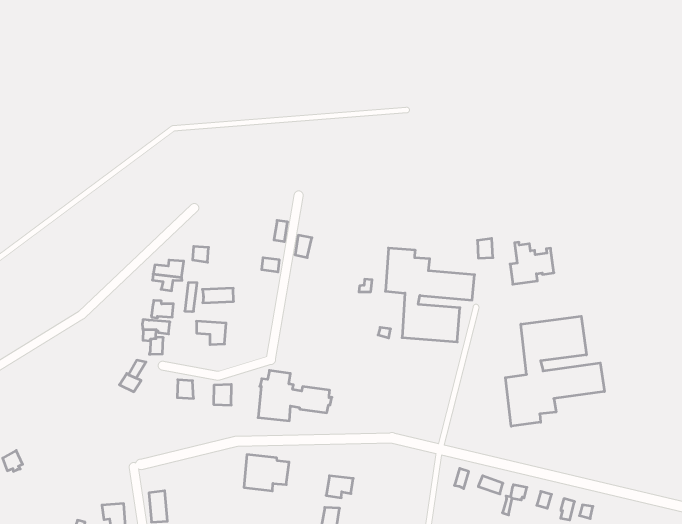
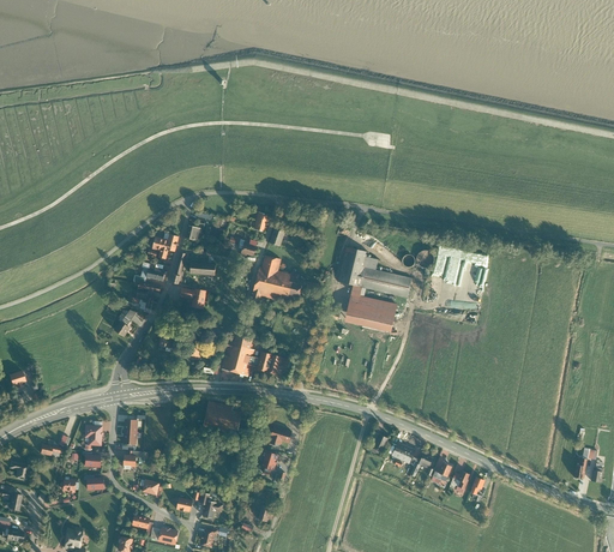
building: none -> [252,256,305,300]
building: [505,316,604,426] -> none

